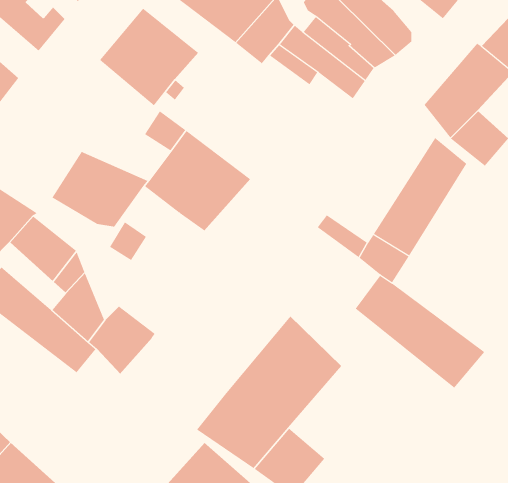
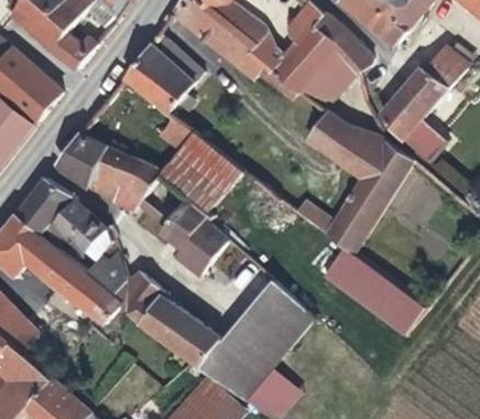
building: none -> [305,110,386,178]
building: none -> [56,132,109,185]
building: none -> [160,197,229,275]
building: none -> [140,296,222,367]

